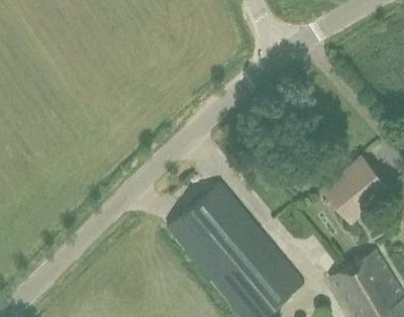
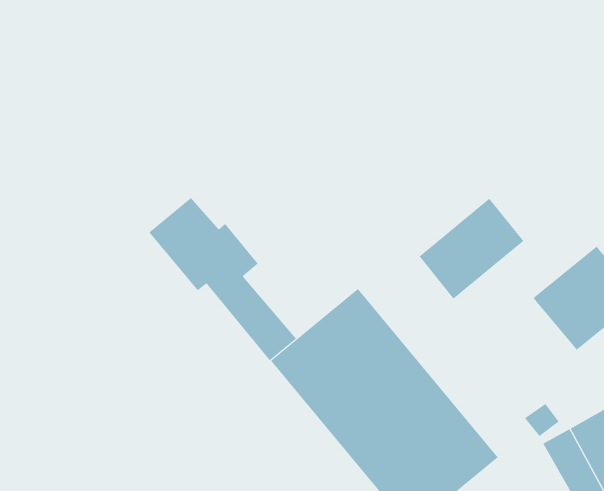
building: none -> [149,197,297,361]
building: none -> [419,198,524,300]

